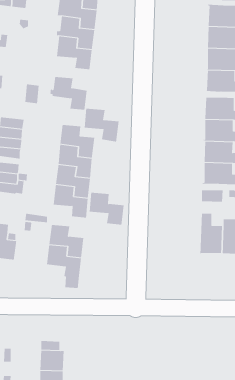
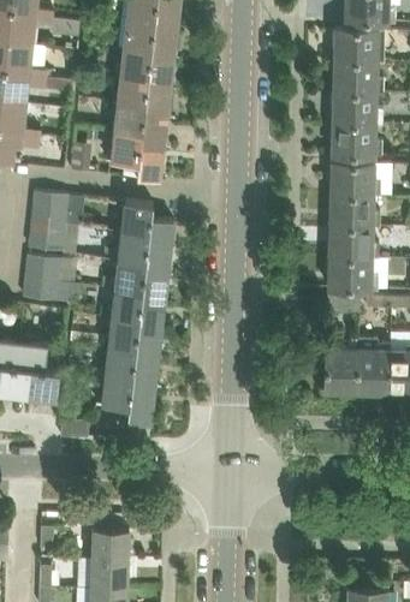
building: [84,108,119,142] -> [113,105,165,154]
building: [89,192,125,225] -> [108,320,160,368]

